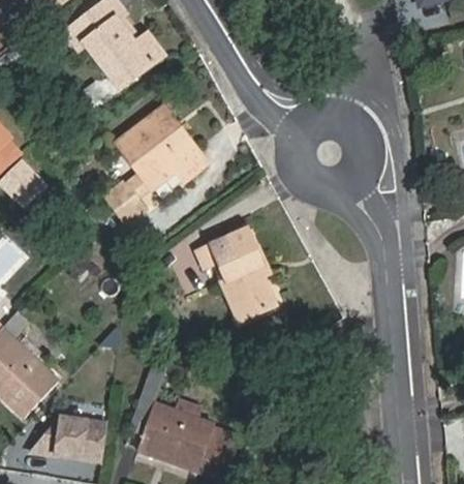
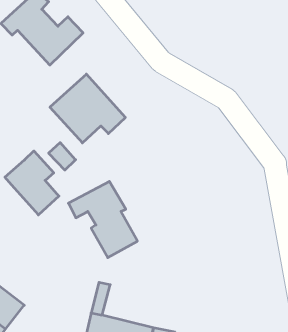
building: none -> [5,151,59,215]
building: [195,228,275,321] -> [68,181,137,258]

